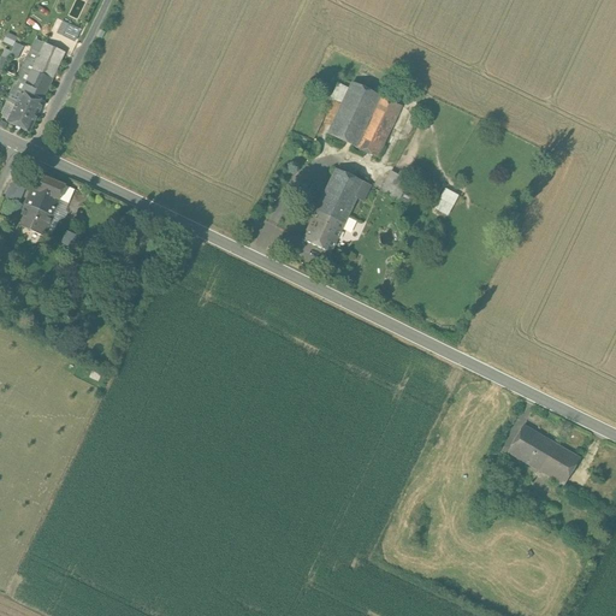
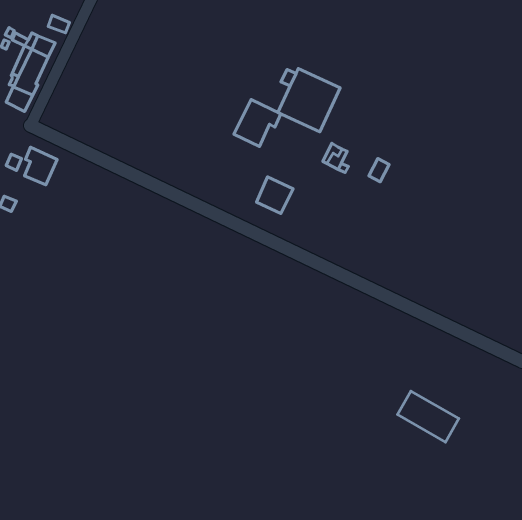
building: [315,167,371,223] -> [234,100,281,146]
building: [19,207,54,238] -> none
building: [508,424,580,484] -> [398,391,459,442]

